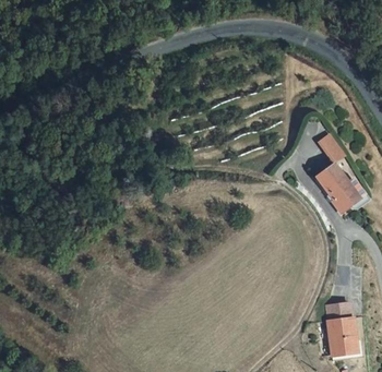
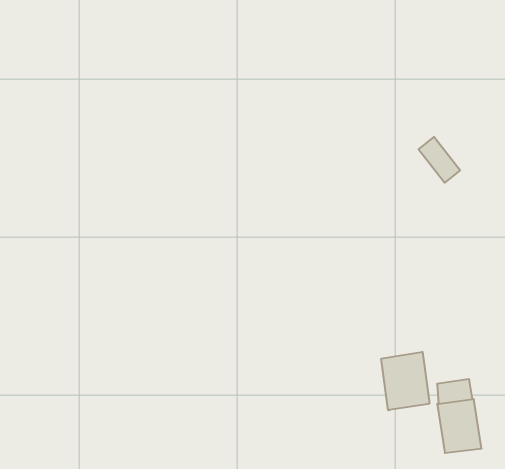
building: [319,167,363,214] -> none
building: none -> [381,352,429,410]

